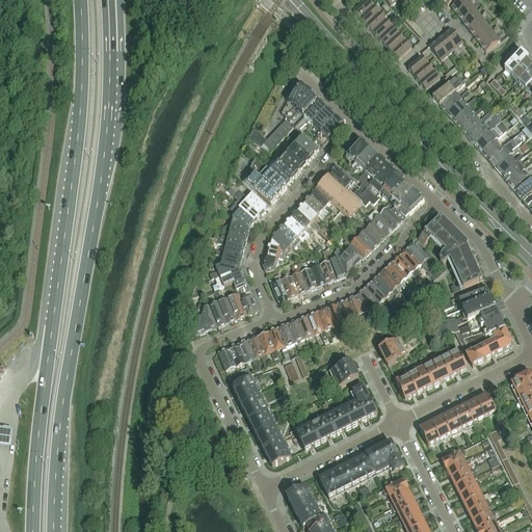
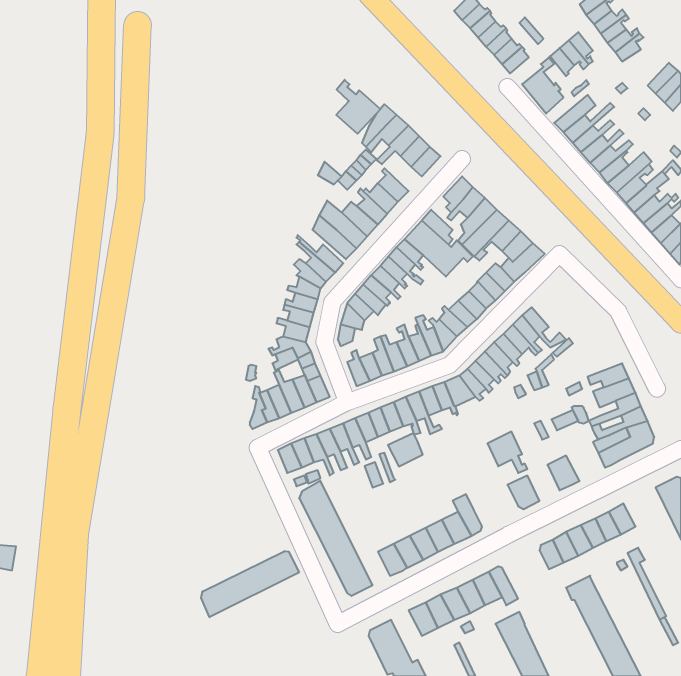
building: none -> [336,80,380,134]
building: [418,214,481,286] -> none
building: [441,346,467,374] -> none
building: [330,358,357,384] -> [388,433,423,466]
building: [410,362,435,390] -> none
building: none -> [201,551,299,617]

